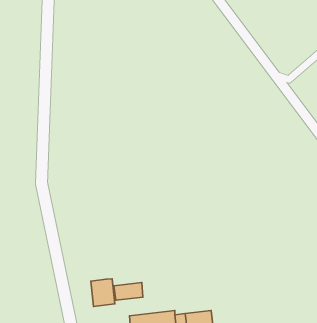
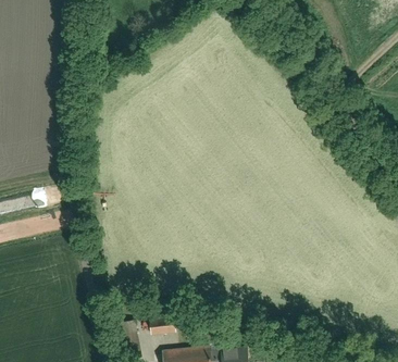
building: [91,279,115,306] -> none

